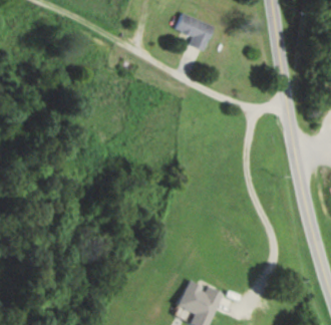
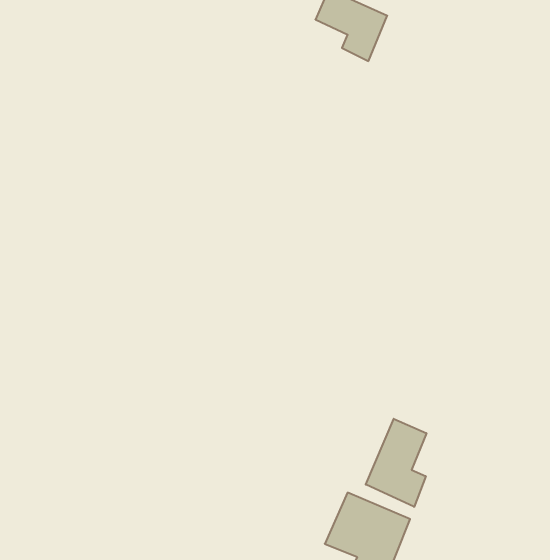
building: none -> [366,419,426,507]

